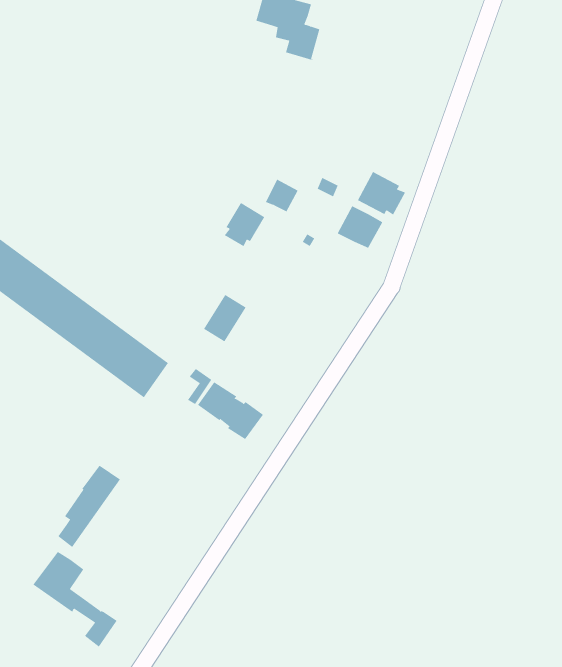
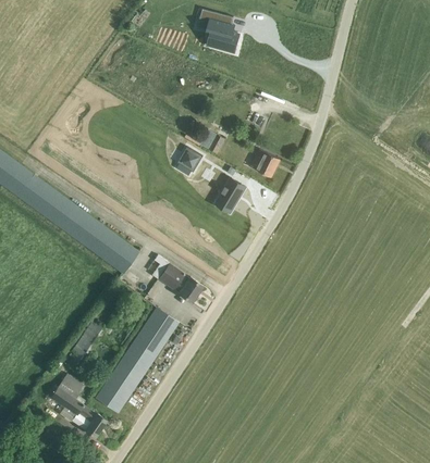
building: [357,171,406,215] -> none
building: [203,294,247,342] -> [217,177,245,209]
building: none -> [95,306,177,412]

